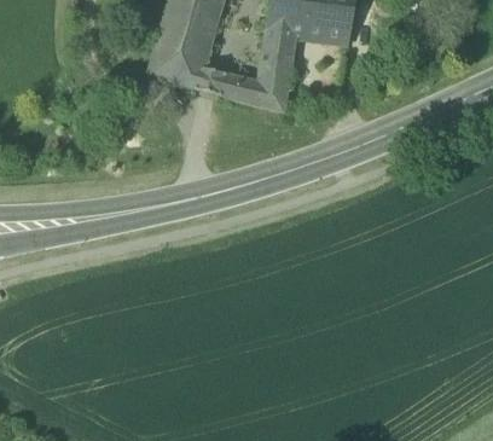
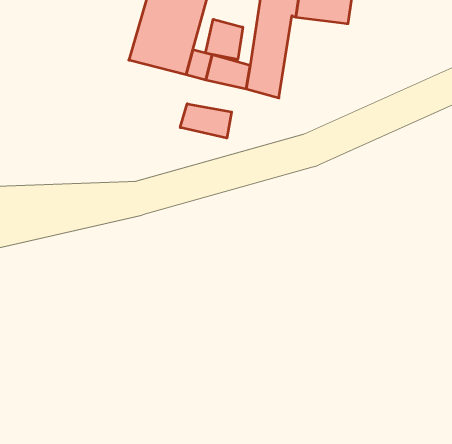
building: none -> [206,19,243,60]
building: none -> [180,104,232,138]

